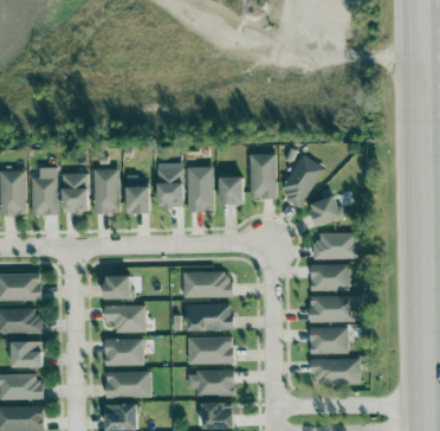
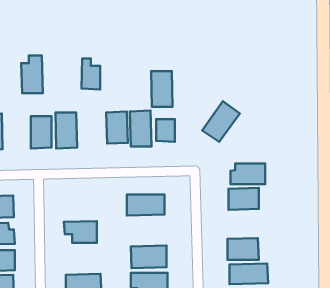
building: [250,154,277,199] -> [151,71,173,107]
building: [31,168,58,216] -> [21,56,43,93]
building: [127,175,150,214] -> [81,58,100,90]
building: [310,197,342,226] -> none
building: [105,276,134,301] -> none
building: [310,296,355,322] -> none
building: [187,304,233,332] -> none
building: [105,339,144,367] -> none

